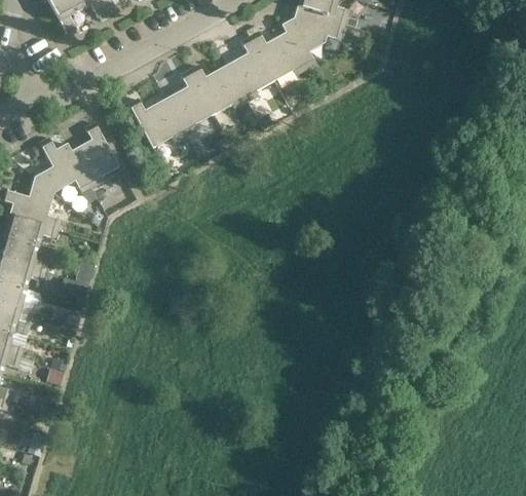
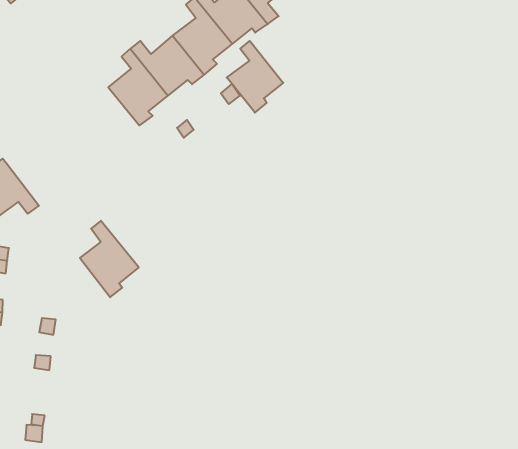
building: none -> [227,41,283,113]
building: [127,98,185,147] -> none
building: [71,121,118,186] -> [80,221,139,297]

